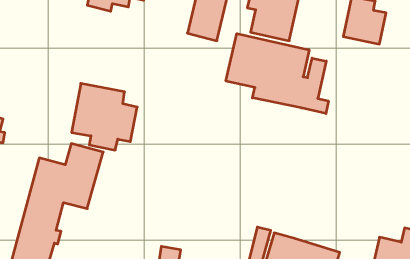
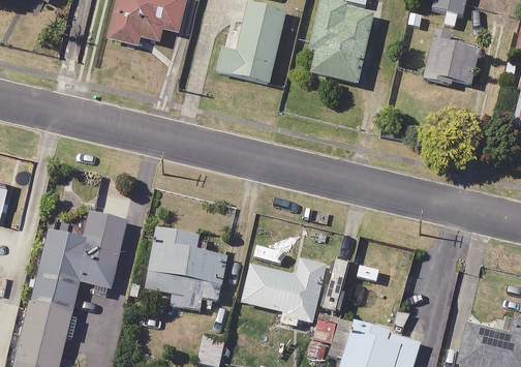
building: [226,34,328,114] -> none
building: [72,83,137,150] -> [146,227,226,309]
building: none -> [241,257,326,326]

